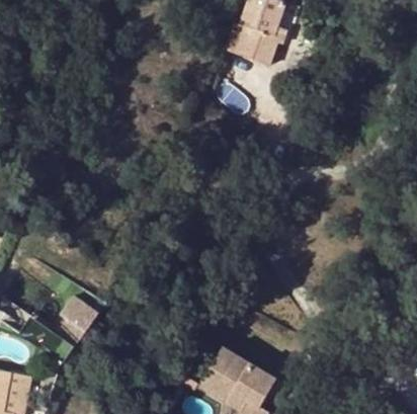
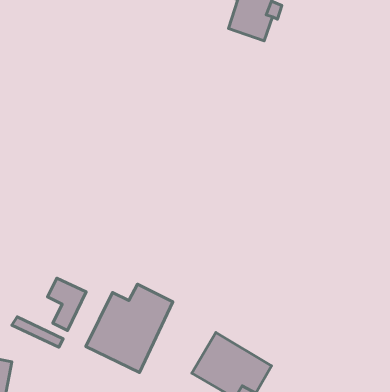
building: none -> [86,284,173,373]

